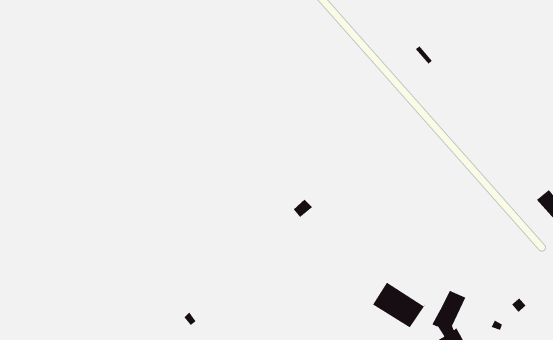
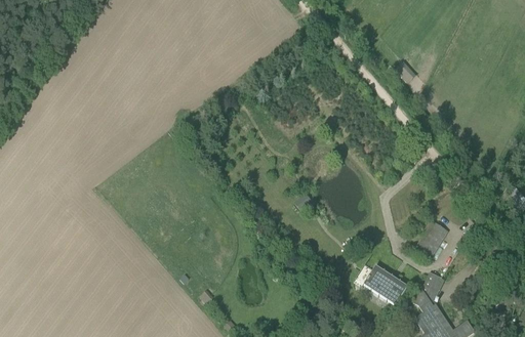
building: none -> [412,220,448,261]

